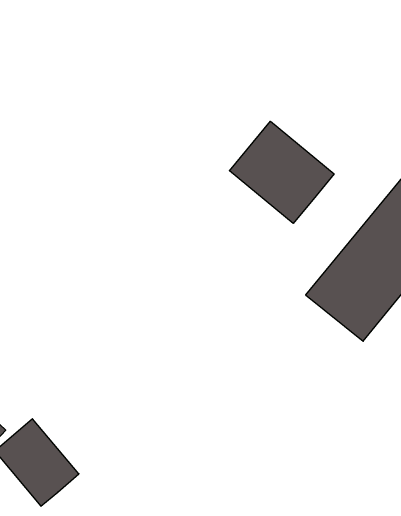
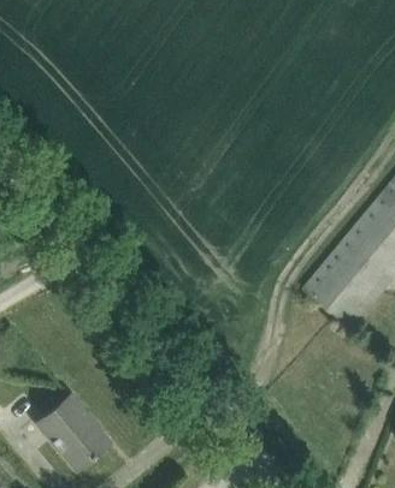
building: [229,121,334,223] -> none

